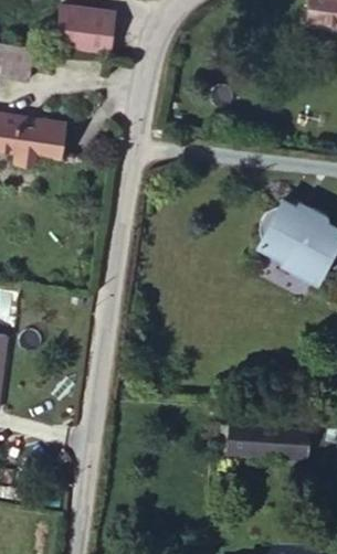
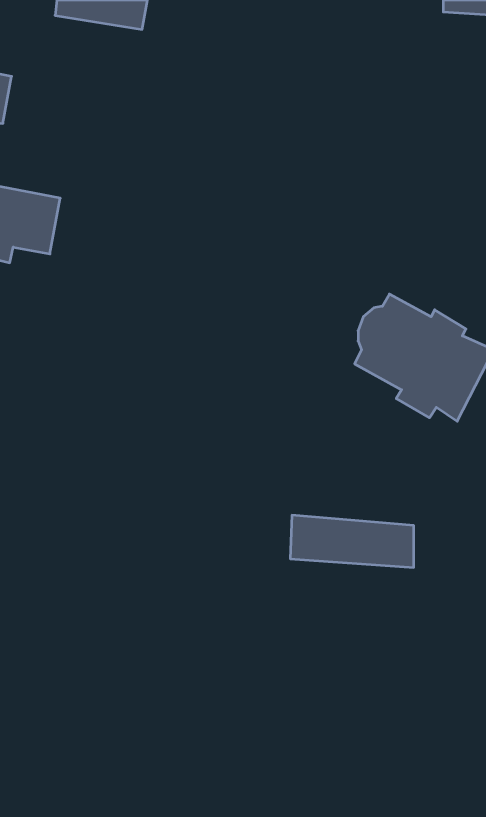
building: [54,17,115,50] -> none
building: [229,427,307,460] -> [290,515,414,567]

